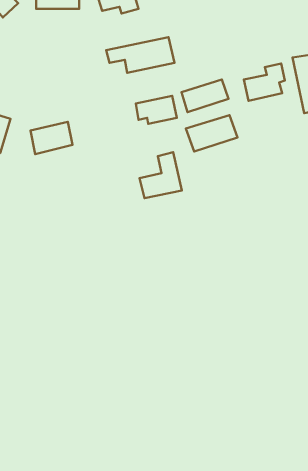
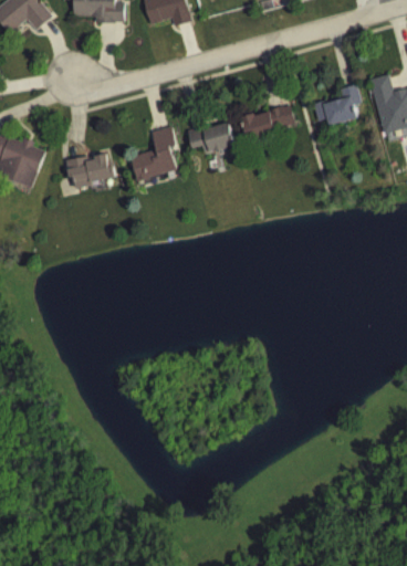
building: [106,37,174,73] -> none
building: [186,115,238,152] -> none
building: [140,152,182,198] -> [129,126,178,179]

